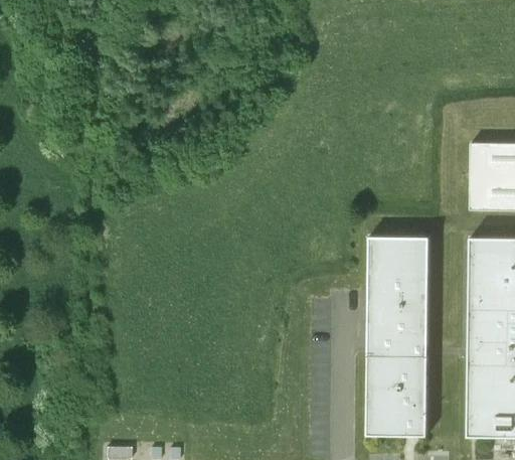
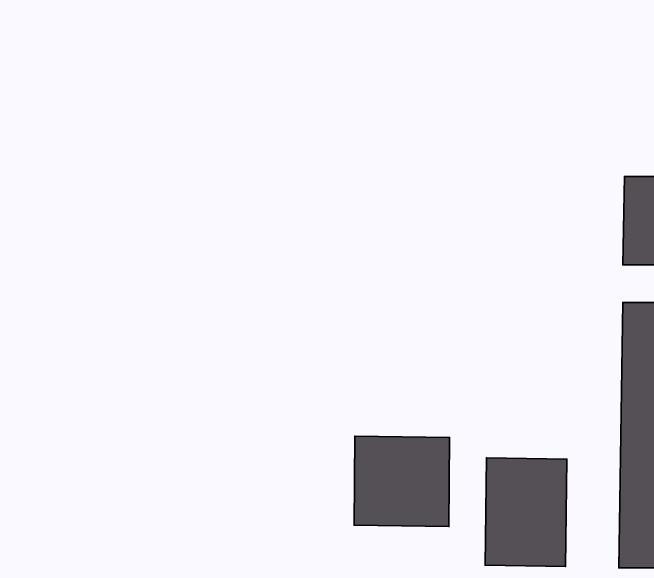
building: [366,237,428,356] -> none
building: none -> [354,436,450,526]

